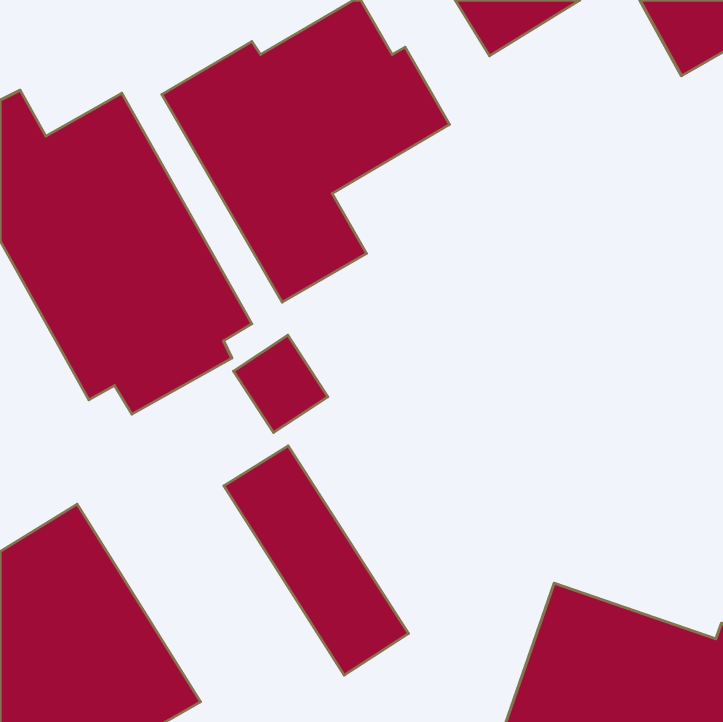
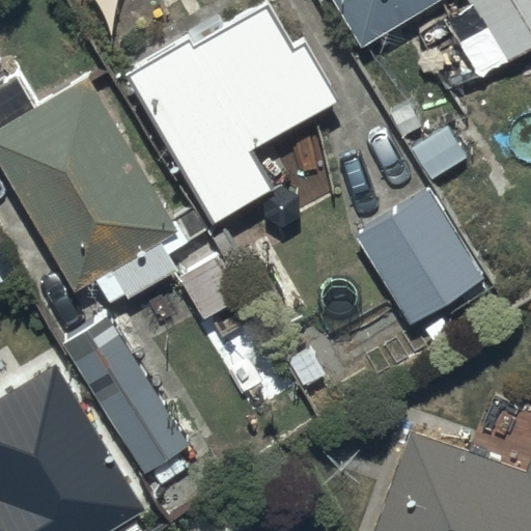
building: none -> [356,189,482,319]
building: [224,446,409,675] -> [59,313,193,479]

